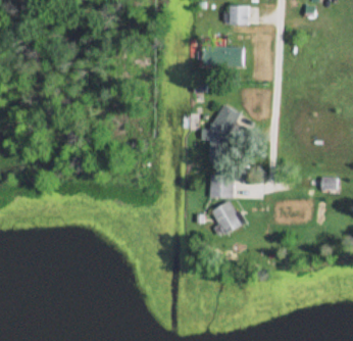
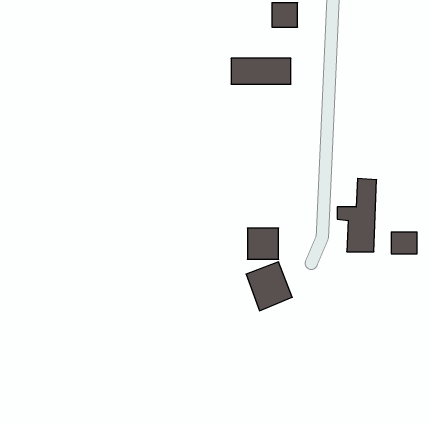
building: [202,107,232,162] -> [337,178,377,252]

